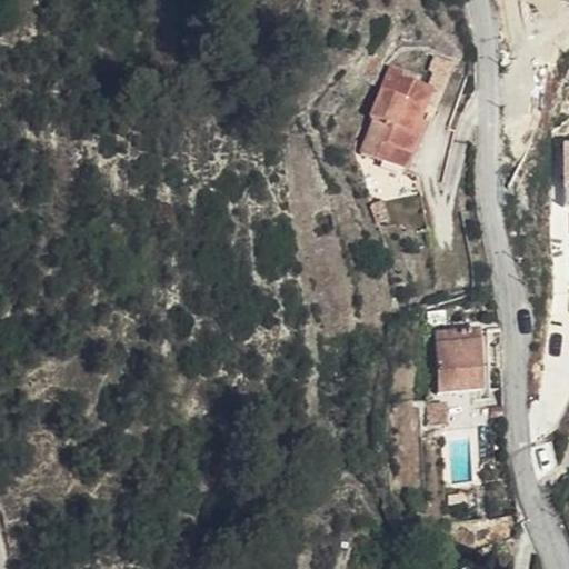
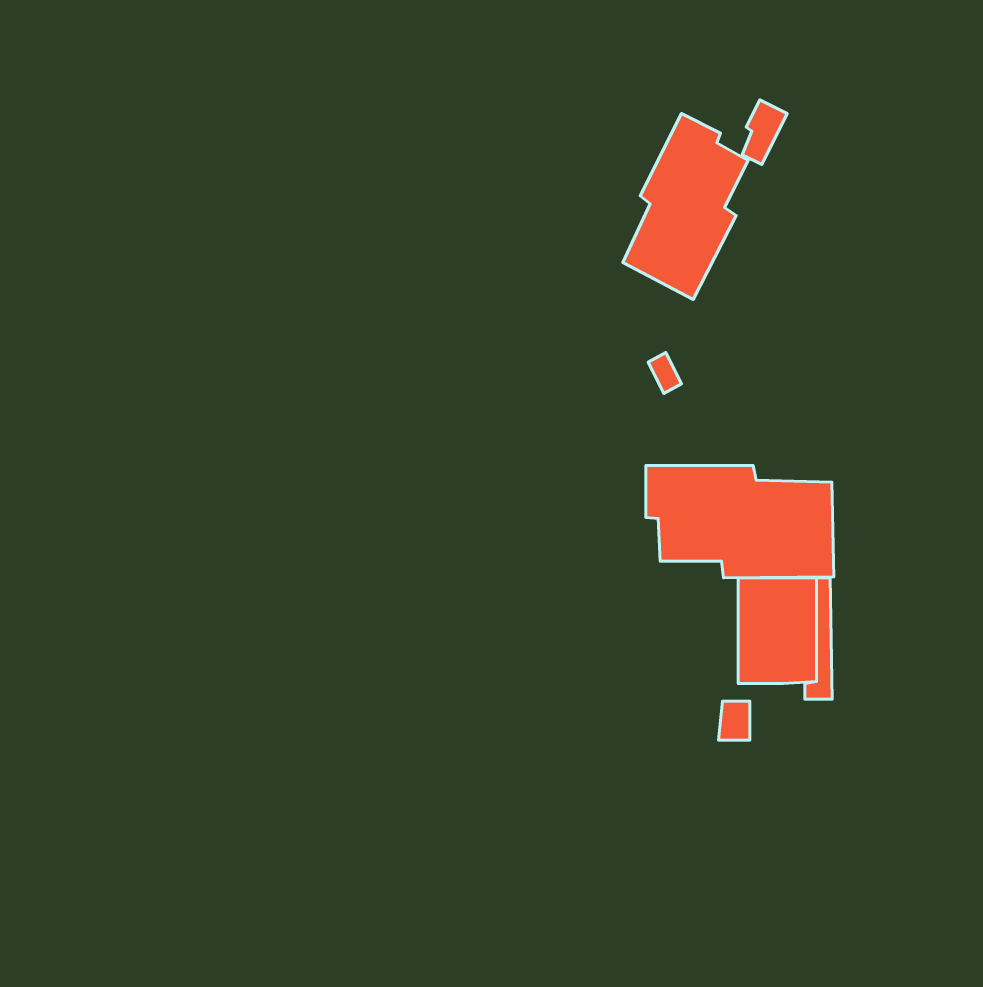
building: none -> [646,466,834,578]

